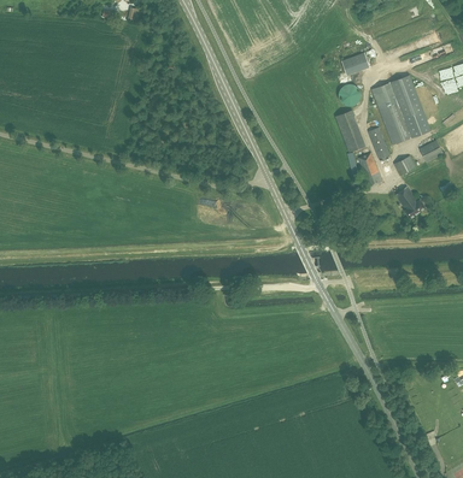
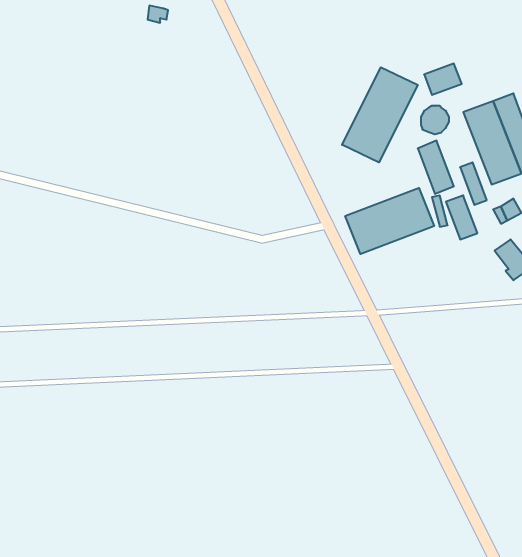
building: none -> [342,67,418,162]
building: none -> [345,188,434,254]

